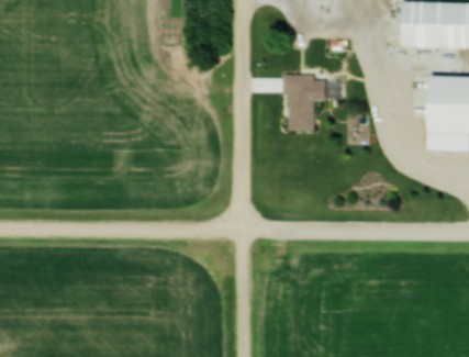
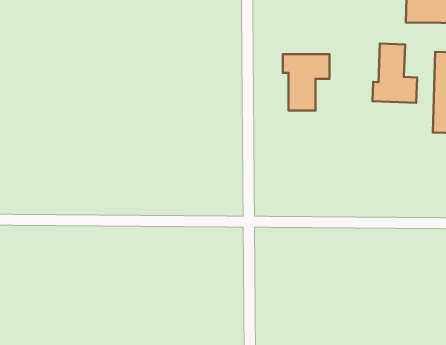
building: none -> [372,44,417,103]

